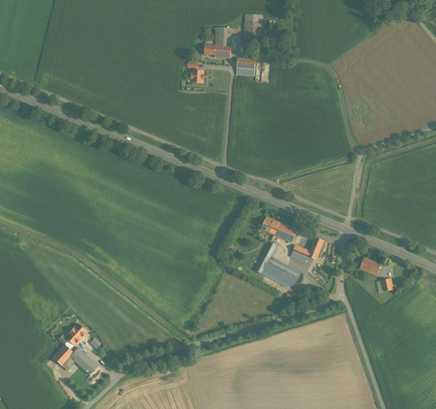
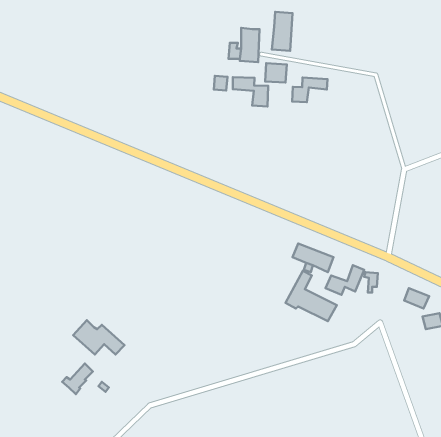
building: none -> [233,77,268,106]
building: none -> [292,78,328,102]
building: [52,344,97,374] -> [73,320,125,354]

